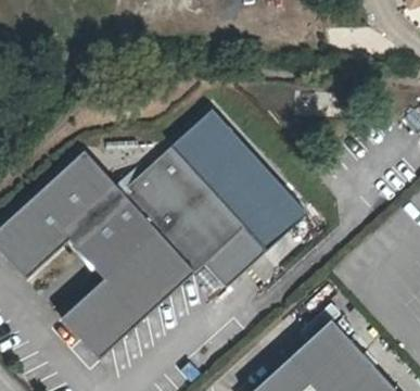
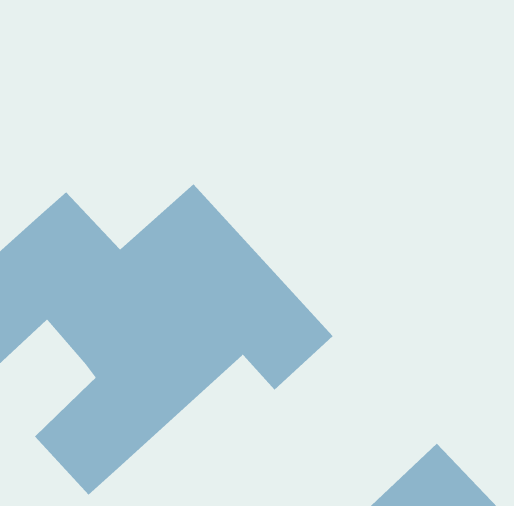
building: [168,108,304,249] -> none

